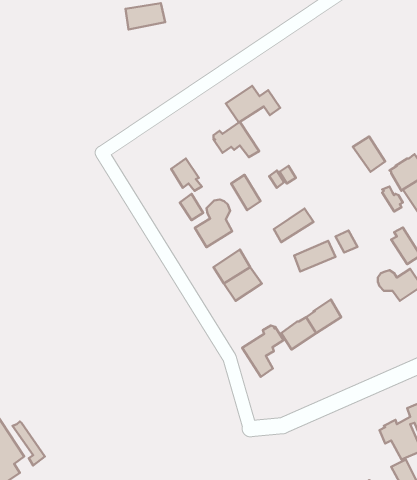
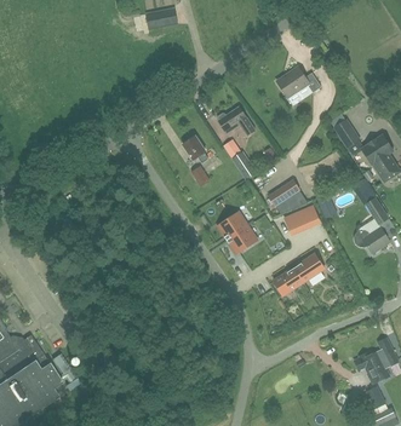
building: [226,86,280,123] -> [276,68,321,98]
building: [195,199,232,247] -> none
building: [242,326,284,377] -> none

